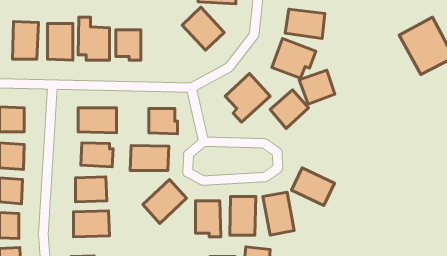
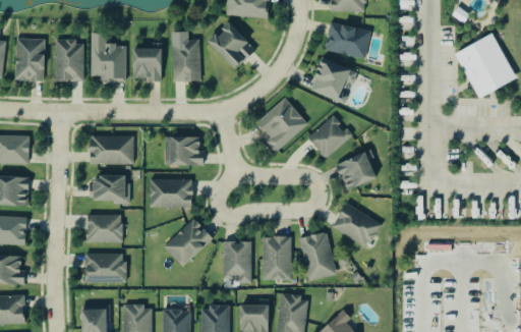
building: none -> [172,41,199,81]
building: [299,70,335,104] -> [335,152,375,190]

